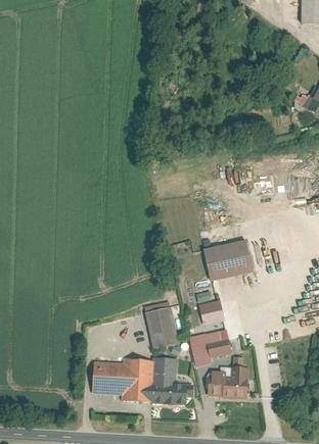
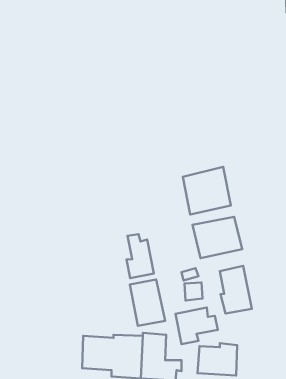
building: none -> [183,167,231,214]
building: none -> [126,234,154,278]
building: none -> [220,266,252,313]

